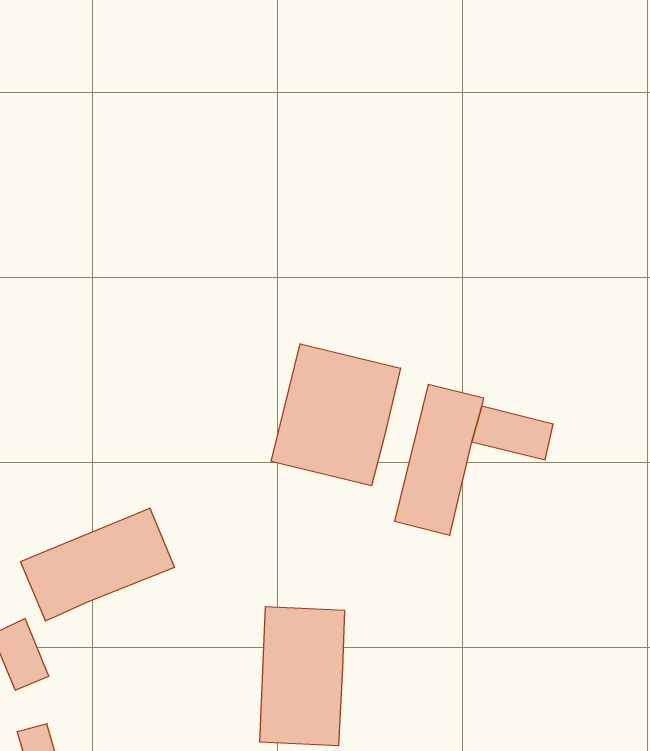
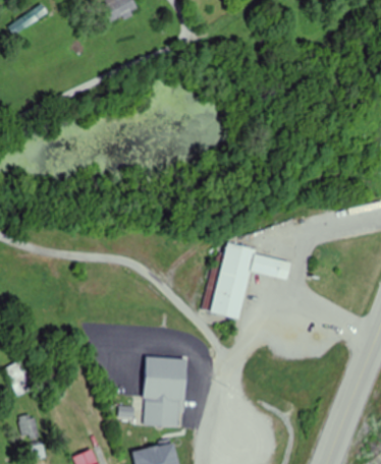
building: [271,344,401,486] -> none
building: [21,508,175,621] -> none

